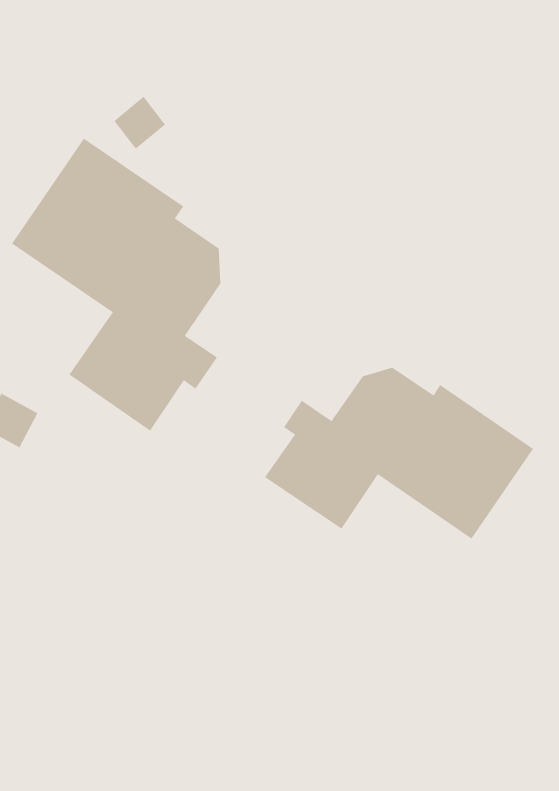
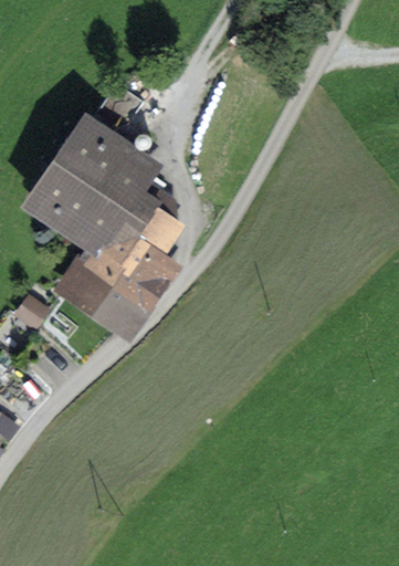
building: [264,367,534,539] -> none

